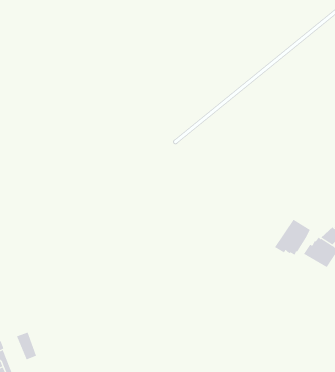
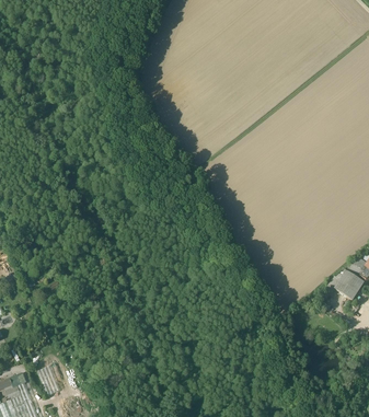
building: [274,219,311,255] -> none

